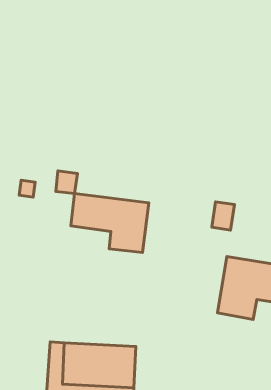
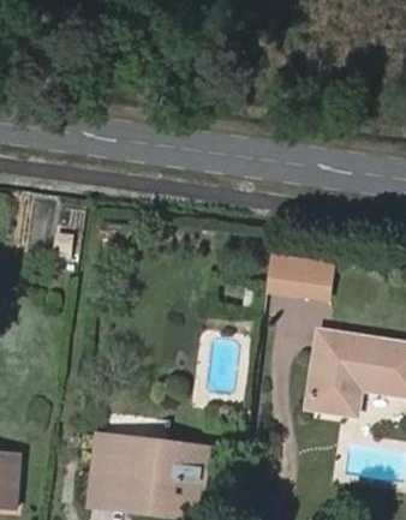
building: [71,193,149,253] -> none
building: none -> [267,256,308,293]

